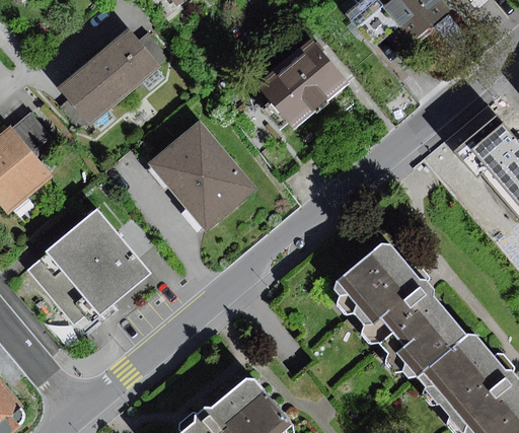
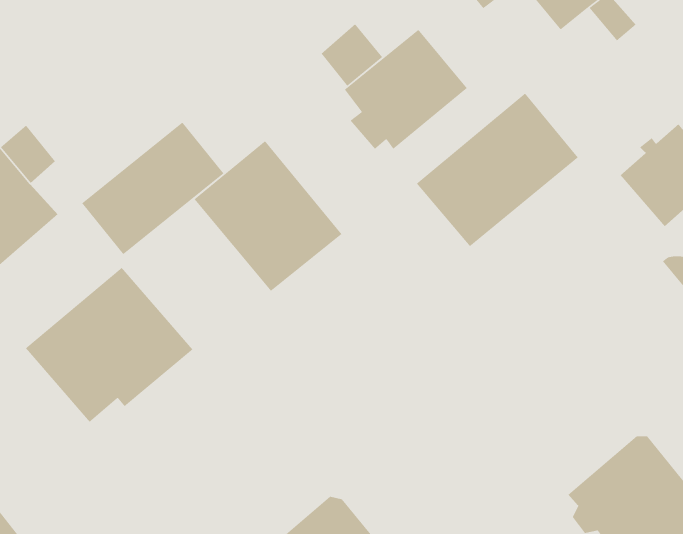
building: [56,28,159,125] -> [81,122,225,255]
building: none -> [320,23,383,87]
building: none -> [416,93,579,247]
building: [333,242,468,377] -> none

